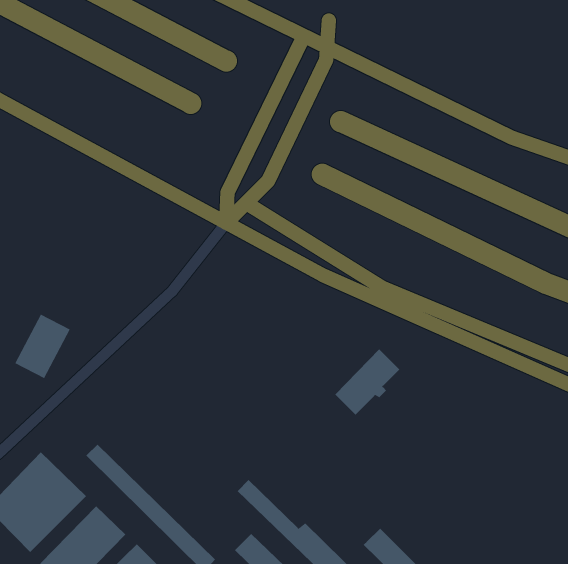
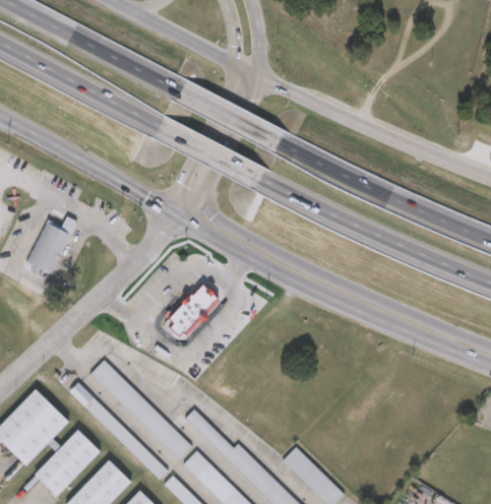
building: [14,313,71,379] -> [26,225,70,275]
building: [334,348,400,415] -> [167,284,218,335]
building: none -> [91,361,194,462]

